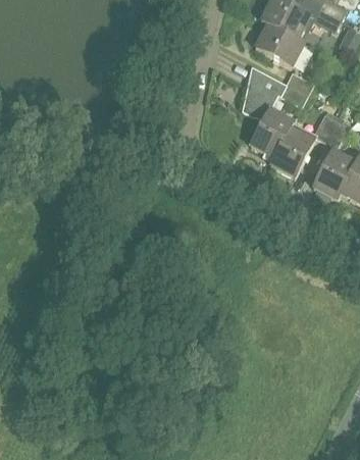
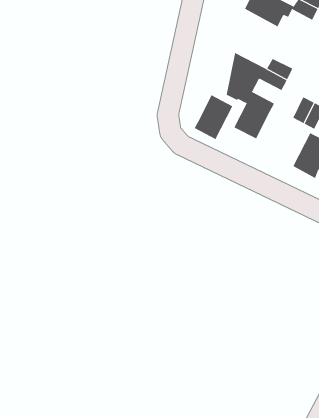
building: [256,22,304,65] -> none
building: [271,127,313,175] -> [194,94,233,140]

